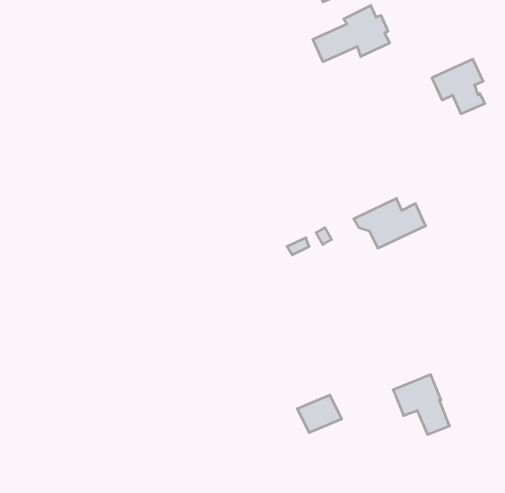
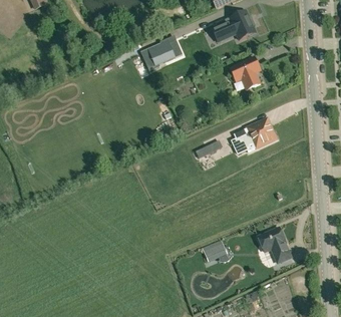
building: none -> [141,40,183,65]
building: [432,59,485,114] -> [230,55,261,87]

